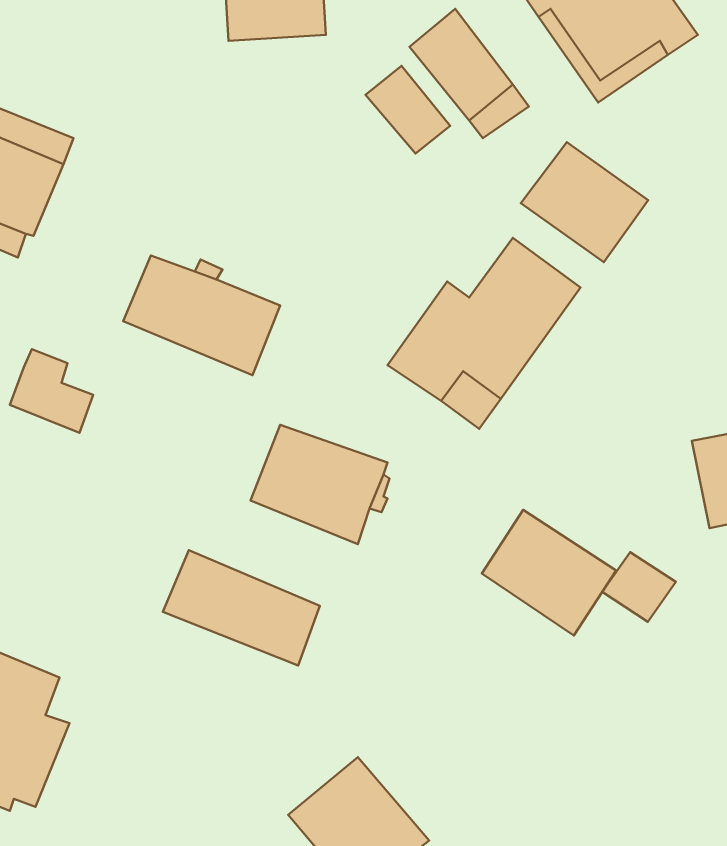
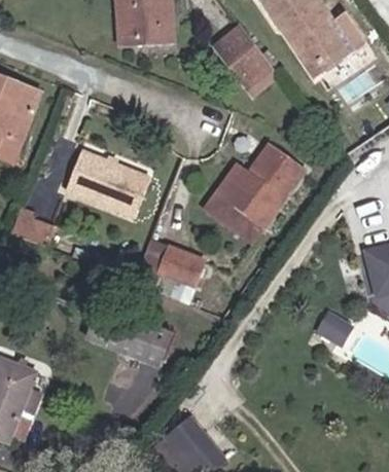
building: [365,66,450,153] -> none
building: [521,142,648,262] -> none
building: [482,510,616,635] -> none

